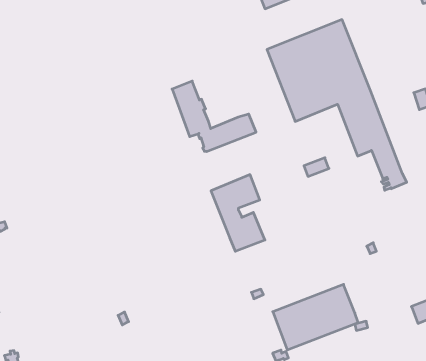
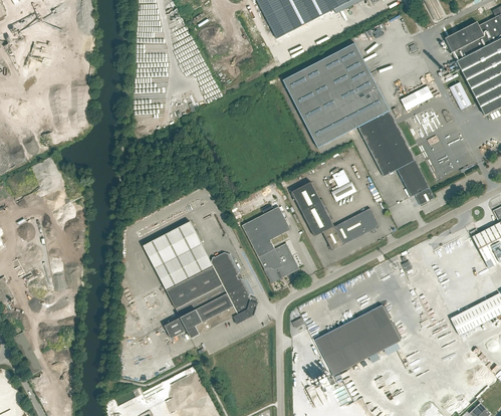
building: [172,81,256,151] -> [292,181,380,249]
building: none -> [143,221,258,339]

